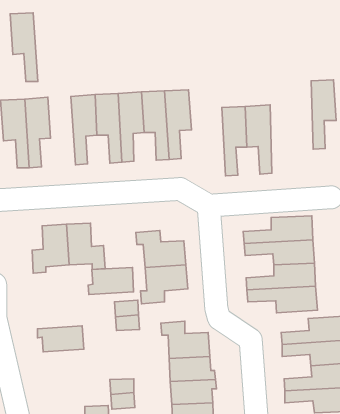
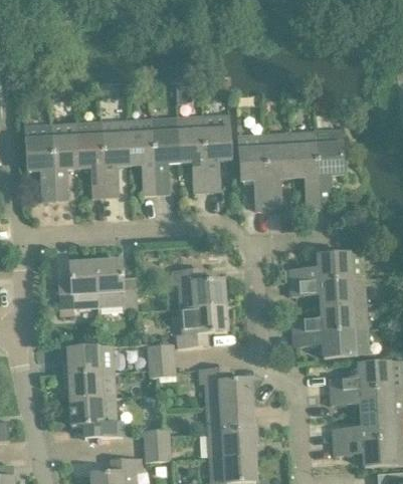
building: [10,13,38,81] -> [74,123,105,197]
building: [311,80,336,149] -> [316,131,343,206]
building: none -> [236,135,267,210]
building: [88,268,133,295] -> [62,345,112,375]
building: none -> [69,397,122,437]

